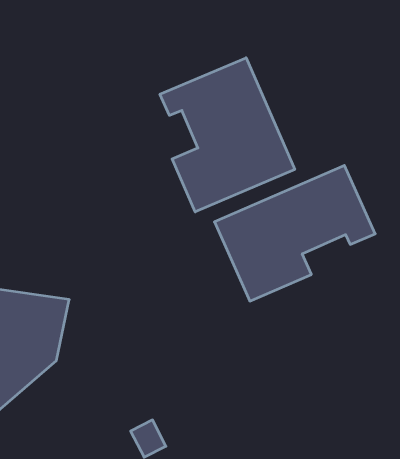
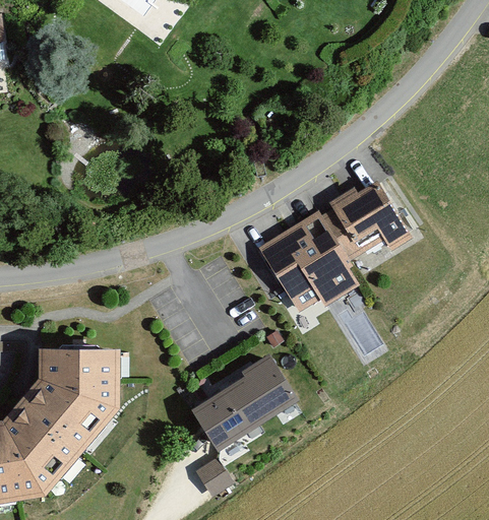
building: [160,58,295,212] -> none
building: none -> [184,355,299,451]

